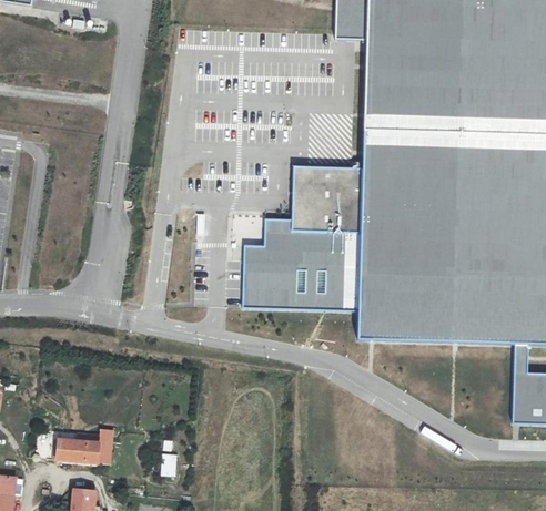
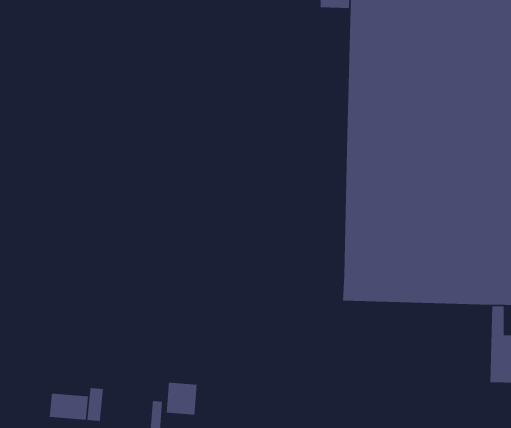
building: [243,165,364,311] -> none
building: none -> [166,382,198,415]

